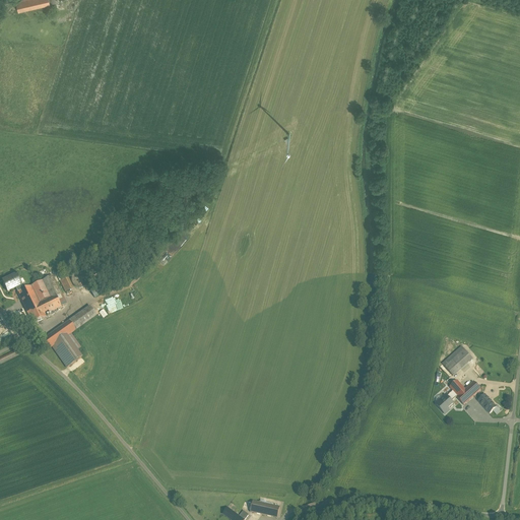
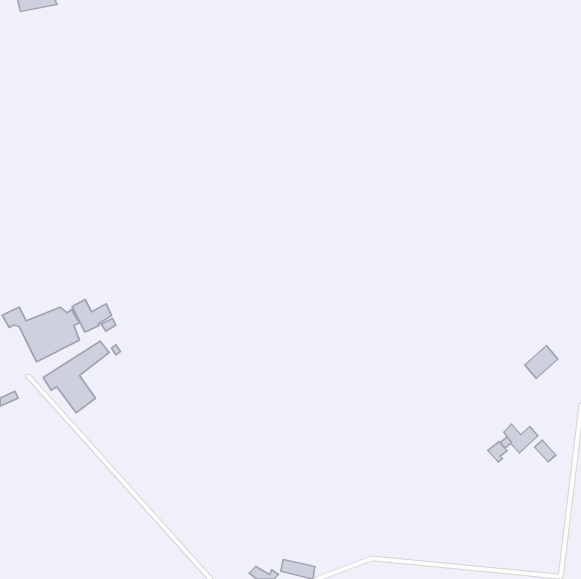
building: none -> [72,300,112,332]
building: [443,345,472,375] -> [525,345,558,378]

